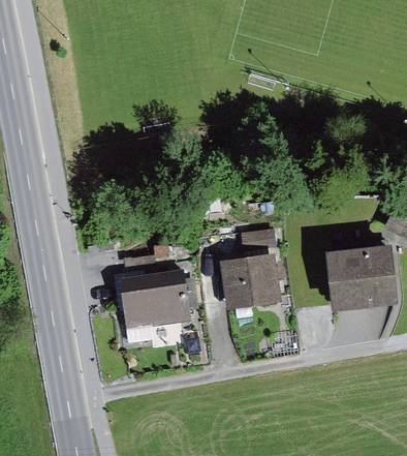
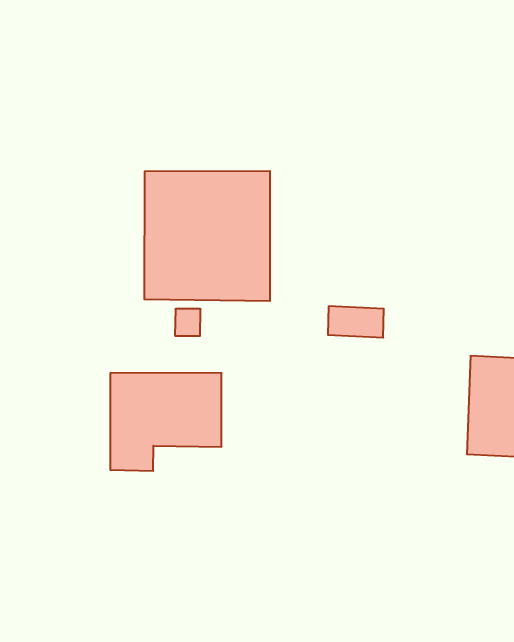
building: none -> [144,171,270,301]
building: [221,251,281,307] -> none

